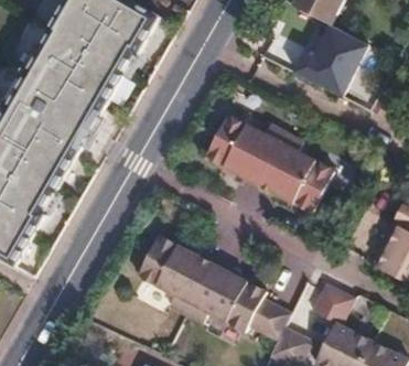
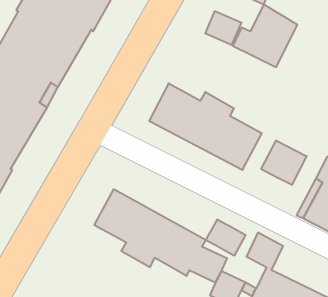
building: none -> [261,140,307,185]
building: none -> [206,219,246,256]

